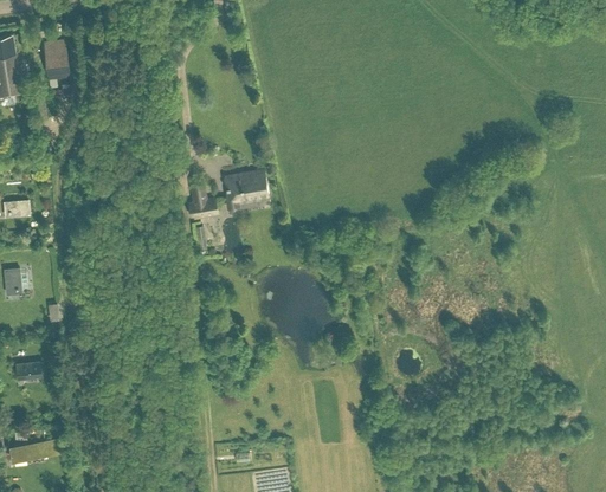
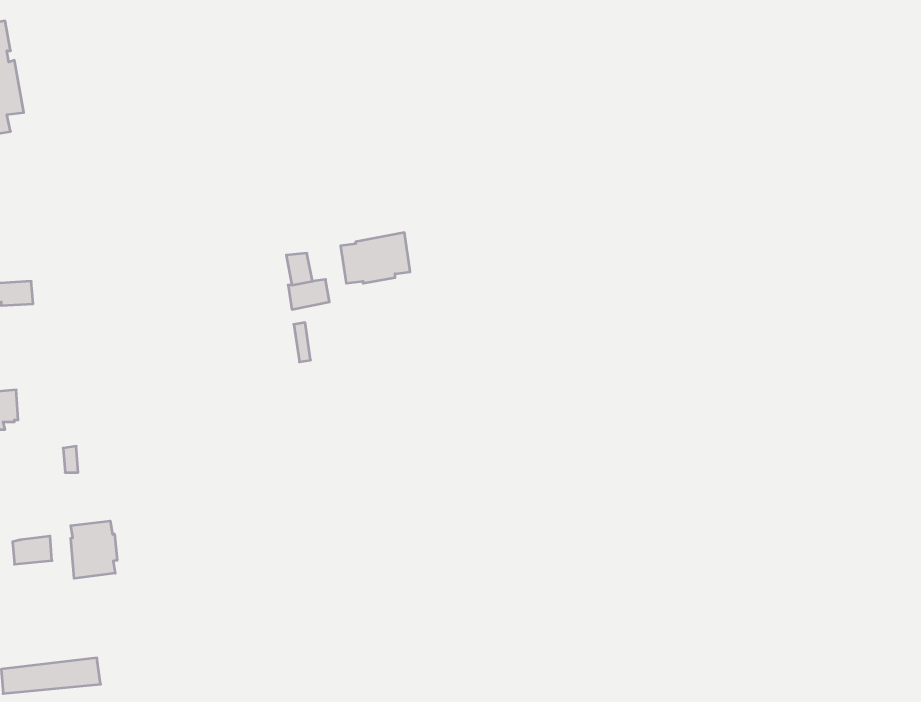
building: [43,40,69,78] -> none
building: none -> [71,521,117,578]

